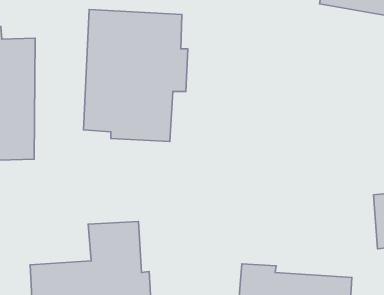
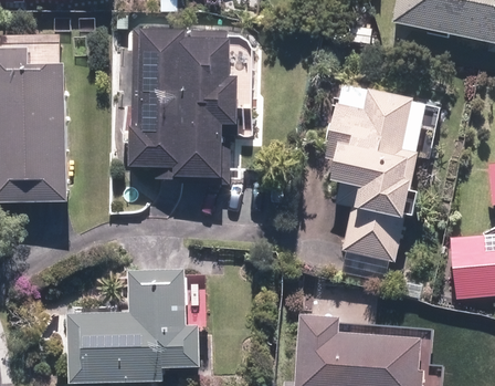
building: none -> [326,86,418,261]

